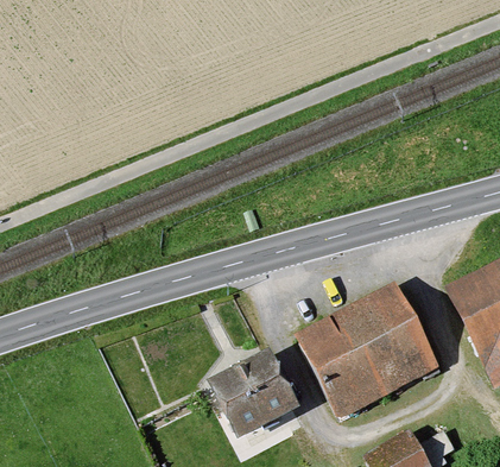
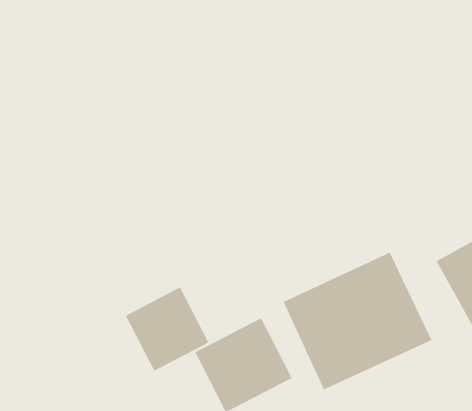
building: none -> [125,286,209,372]

